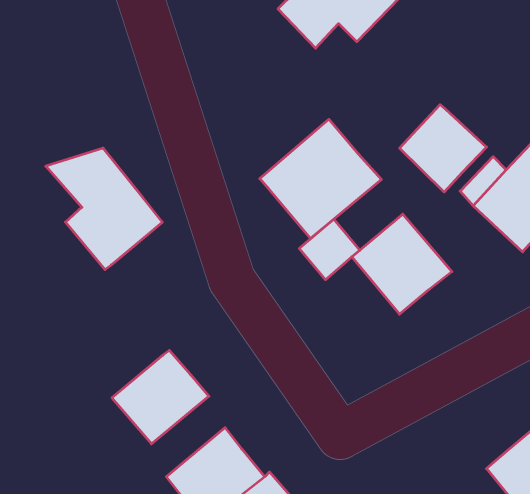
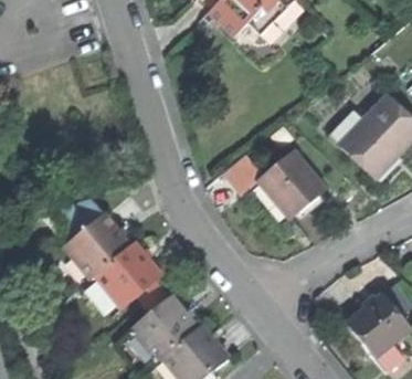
building: [400,105,487,192] -> none
building: [260,119,381,238] -> none
building: [46,148,162,270] -> [52,196,130,277]

